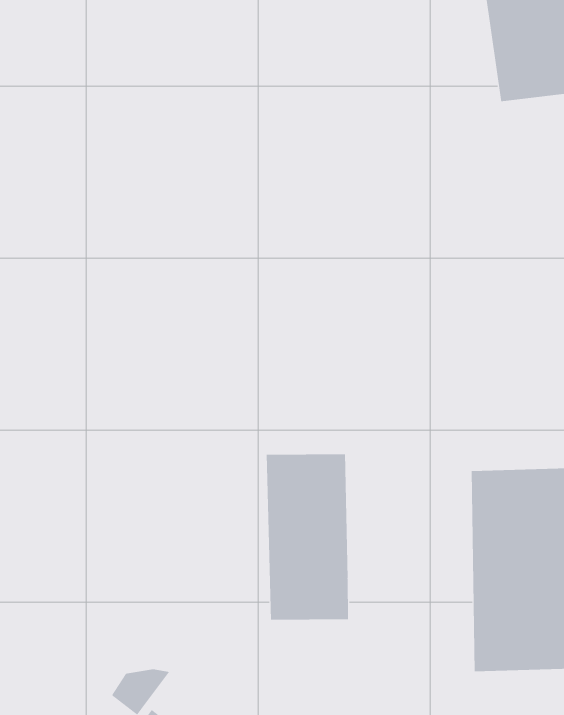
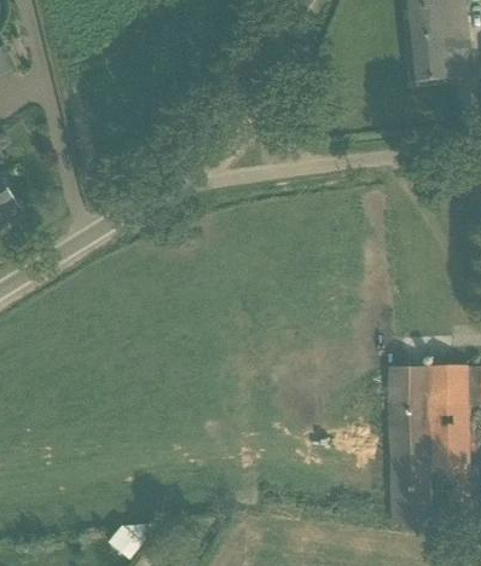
building: [266,453,348,620] -> none

